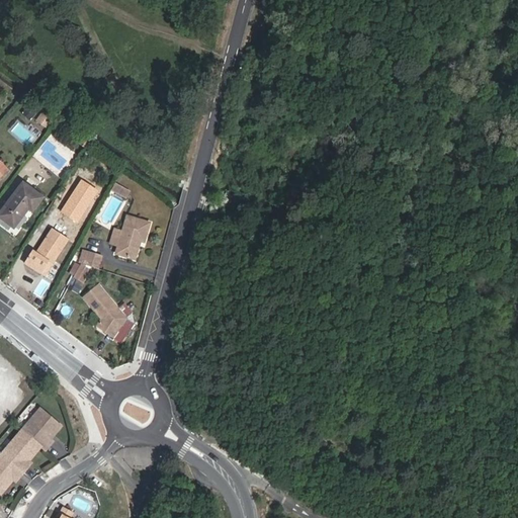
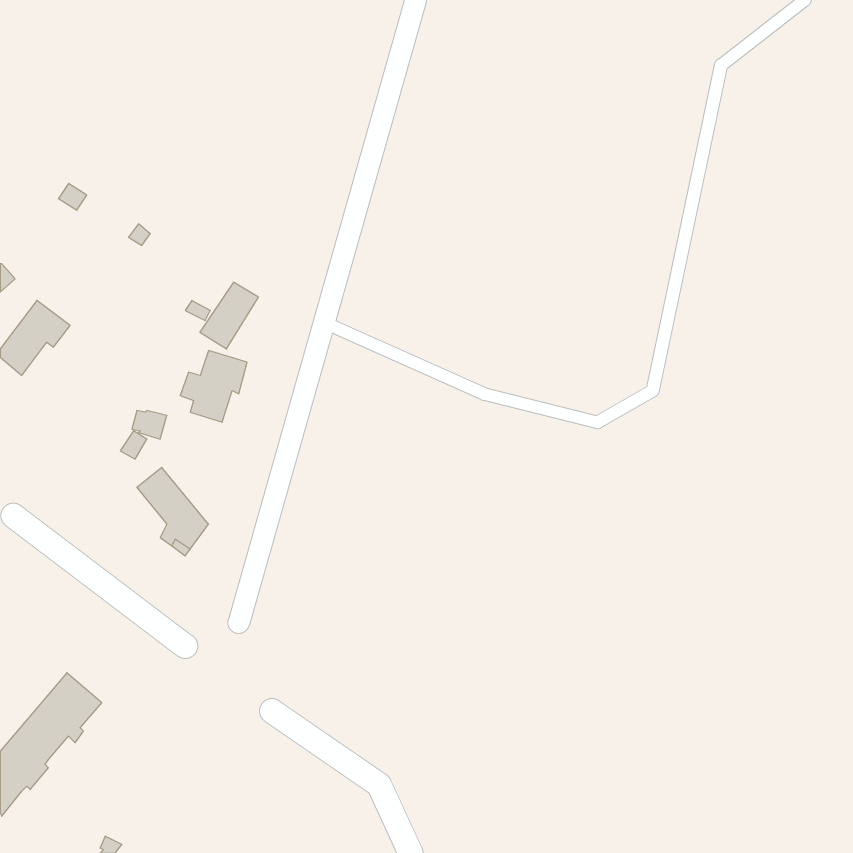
building: [62,181,97,222] -> [200,282,258,349]
building: [24,228,69,275] -> none

